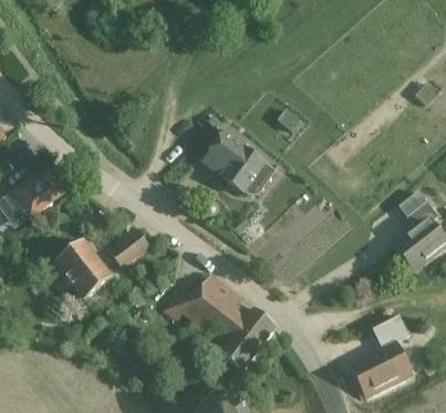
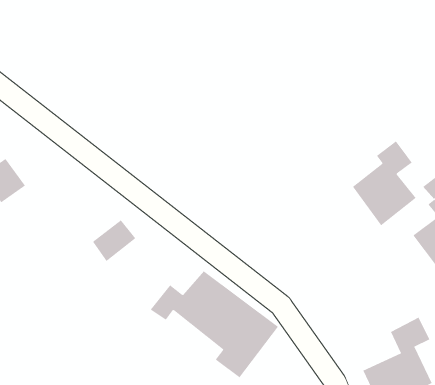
building: [203,126,276,194] -> none
building: none -> [352,140,416,226]
building: [55,239,113,299] -> none

